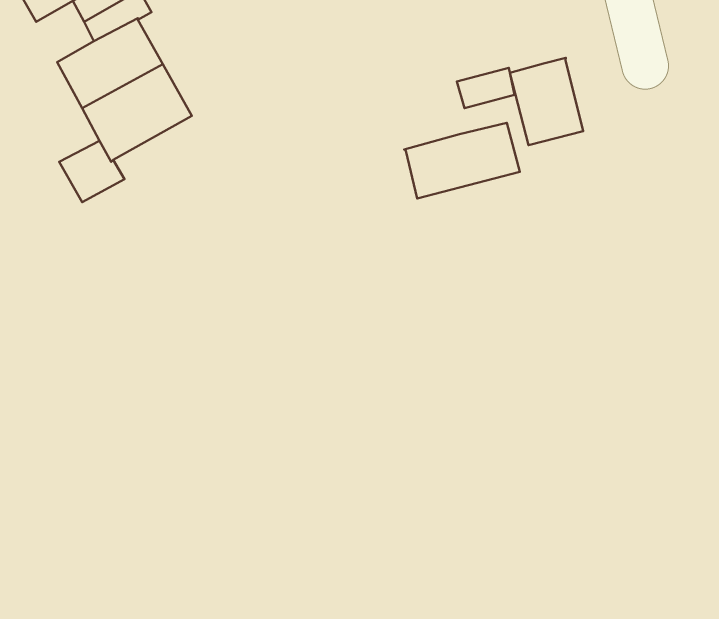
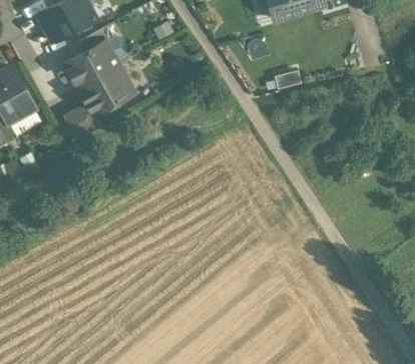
building: [510,58,583,145] -> none
building: [404,123,520,198] -> none

